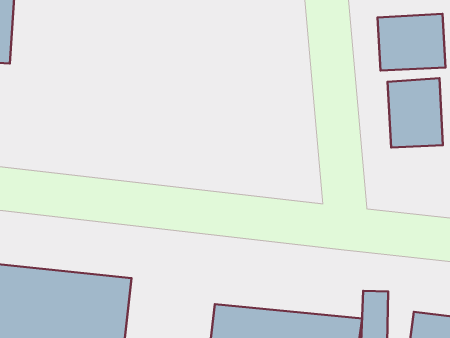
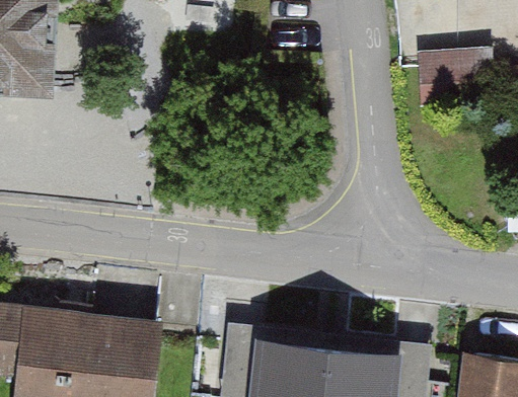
building: [388,78,443,148] -> none

